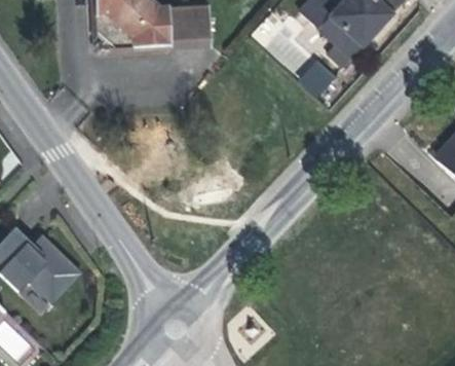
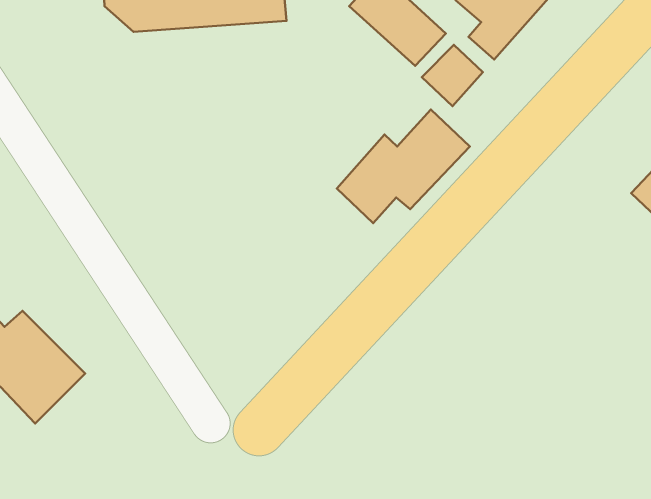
building: none -> [337,109,470,223]

